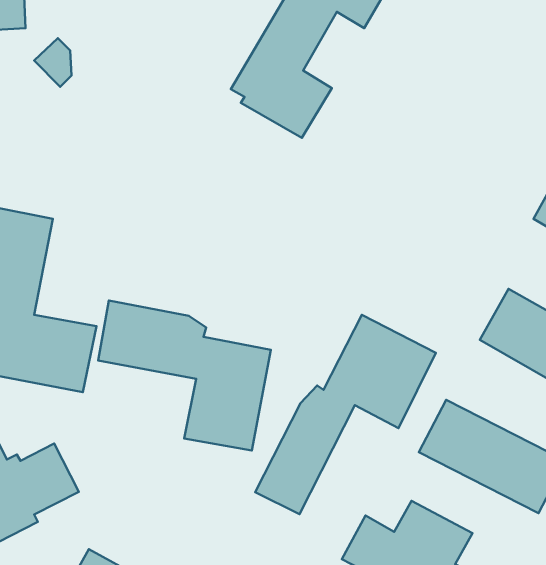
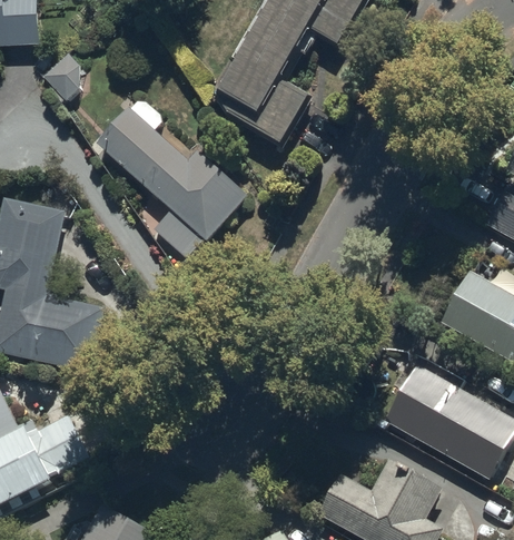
building: none -> [99,109,239,254]
building: [98,300,271,450] -> none
building: [255,315,436,514] -> none

